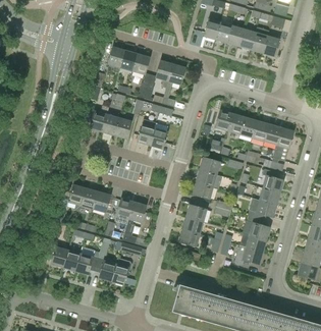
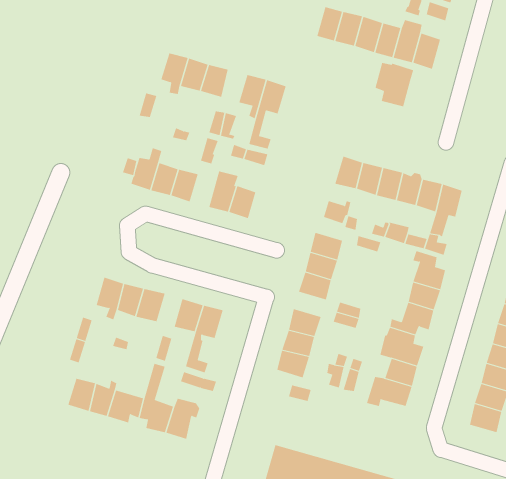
building: none -> [375,62,414,107]

